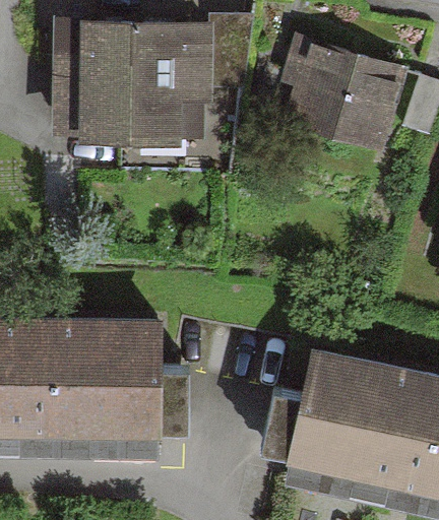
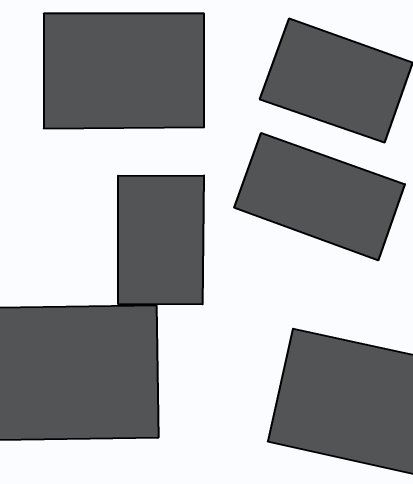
building: none -> [234,133,405,260]
building: none -> [118,175,204,304]

